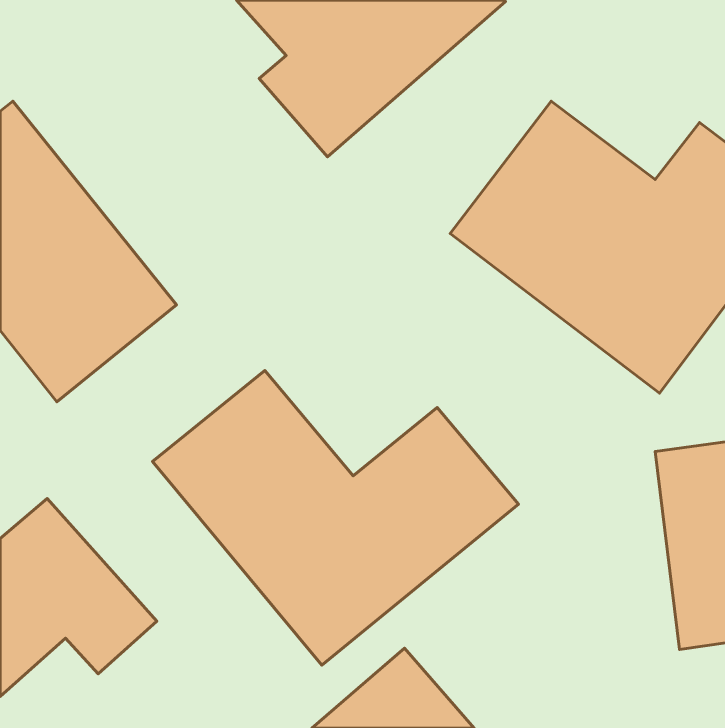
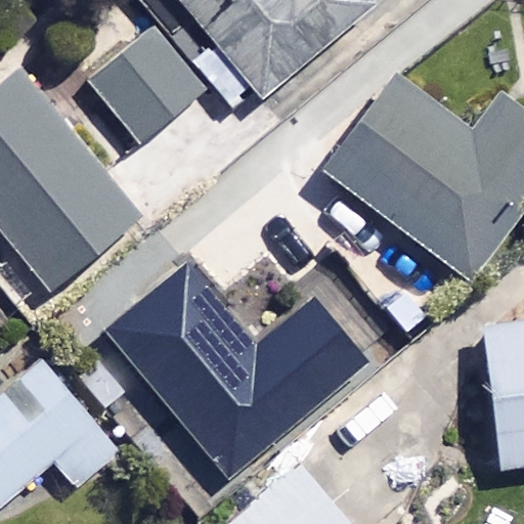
building: none -> [84,31,200,146]

